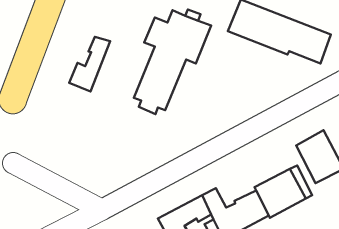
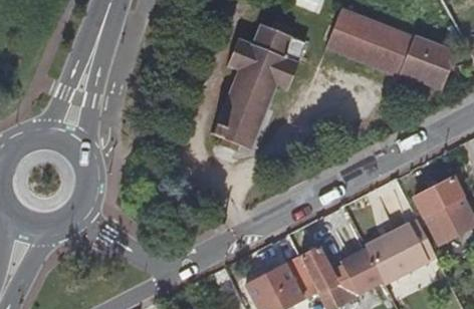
building: [69,37,110,92] -> none

